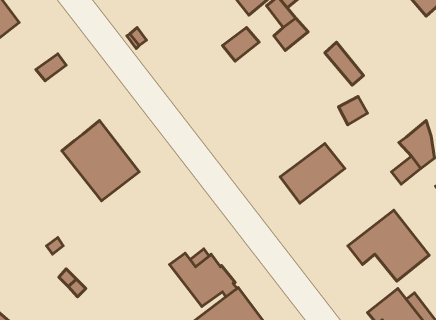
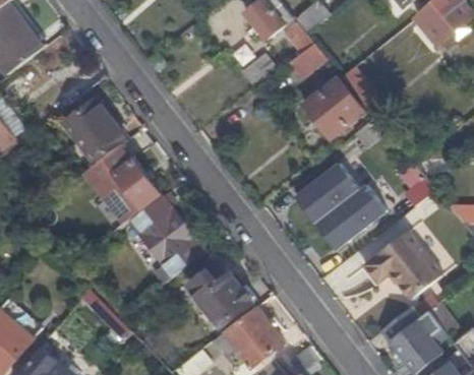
building: none -> [302,78,363,138]
building: none -> [64,99,126,163]
building: none -> [315,185,387,250]
building: none -> [129,191,197,271]

